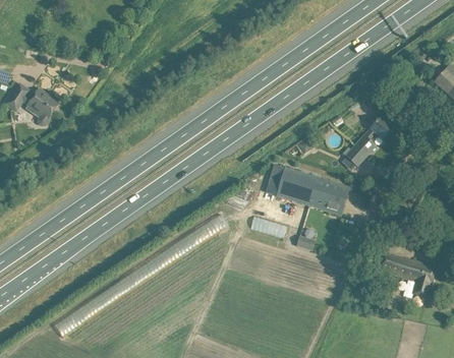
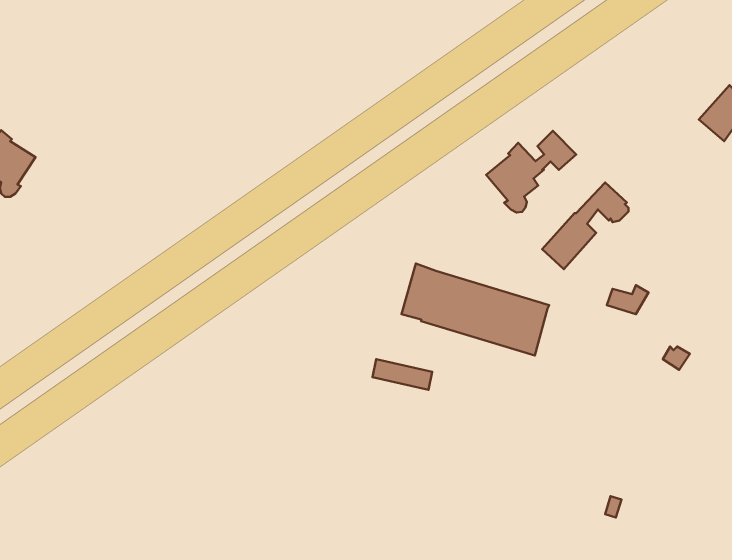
building: none -> [486,131,576,212]
building: [379,252,437,294] -> none

